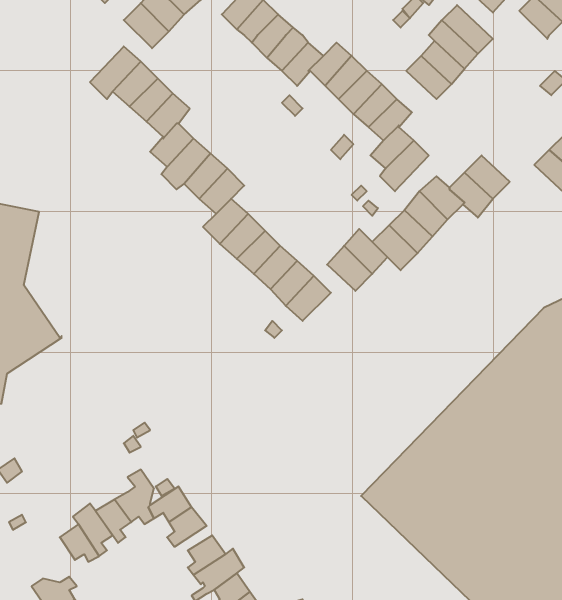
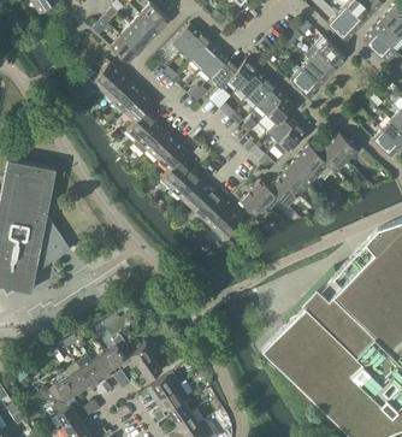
building: none -> [39,377,78,406]

